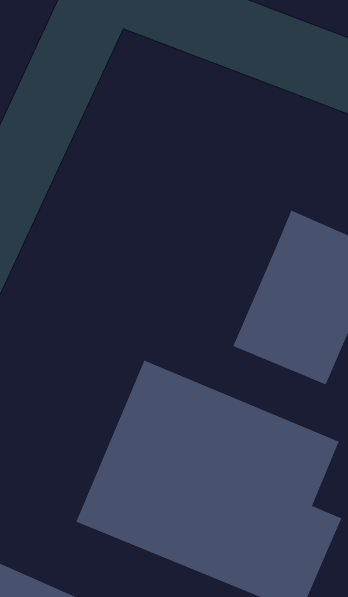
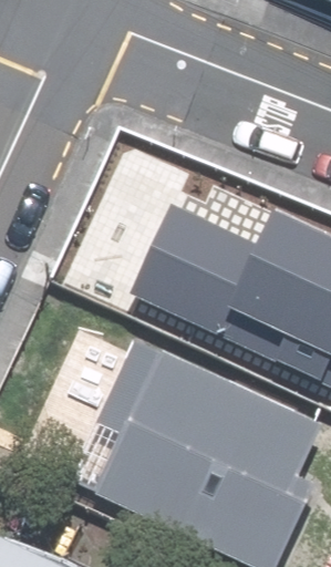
building: none -> [104,200,252,344]

